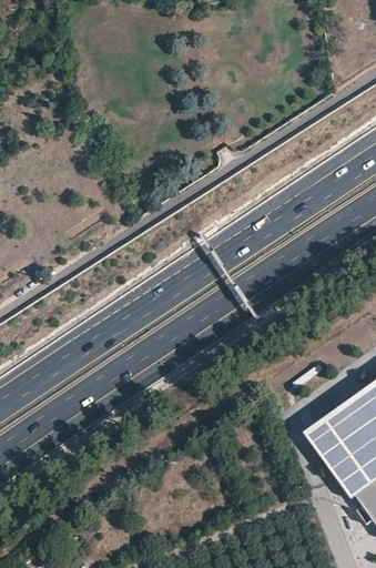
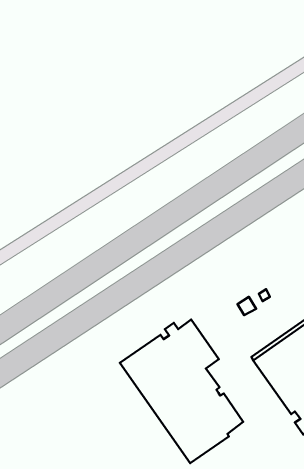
building: none -> [120,320,243,463]

